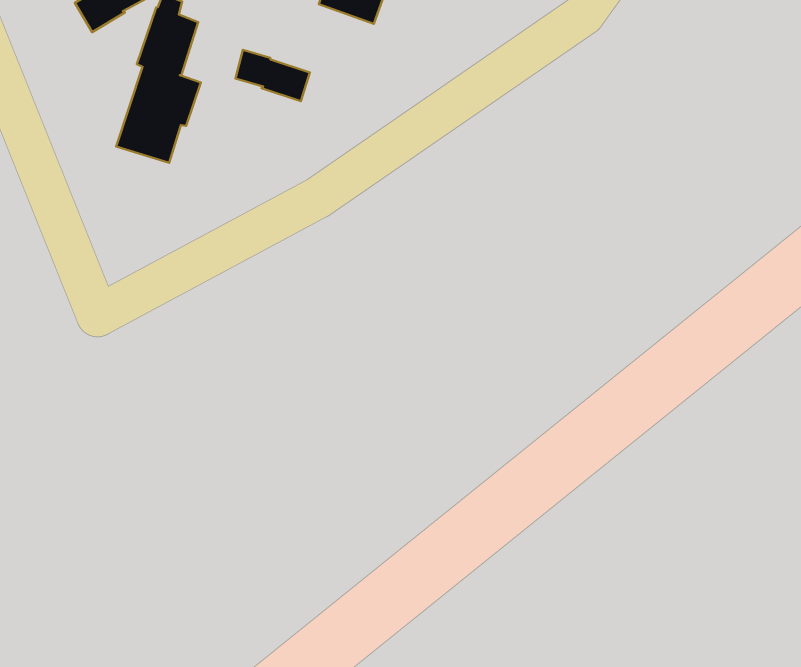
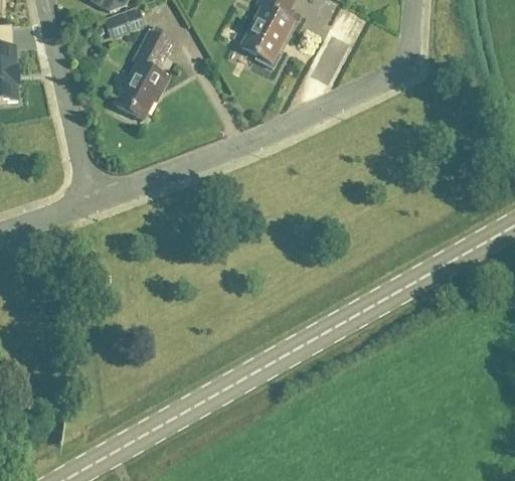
building: [236,50,310,101] -> none

